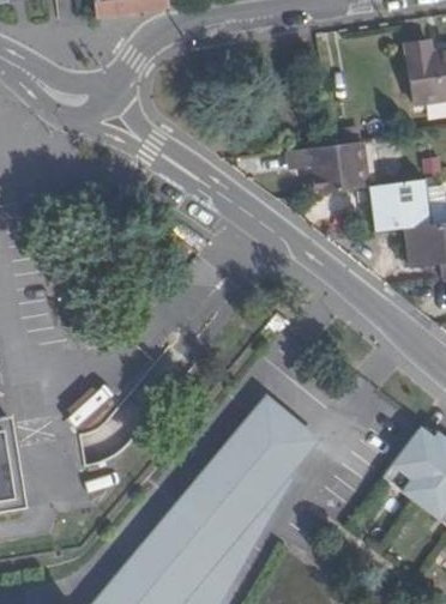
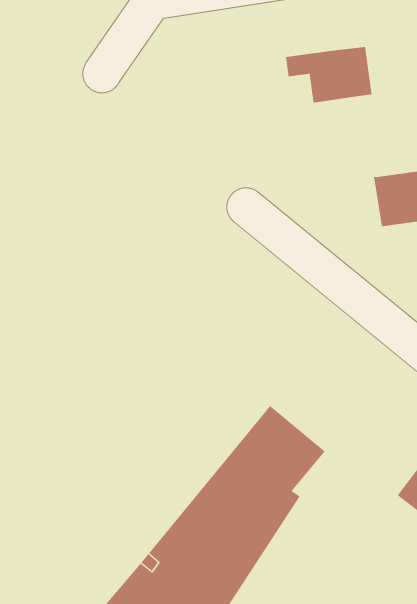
building: [288,141,367,193] -> [285,46,372,103]

